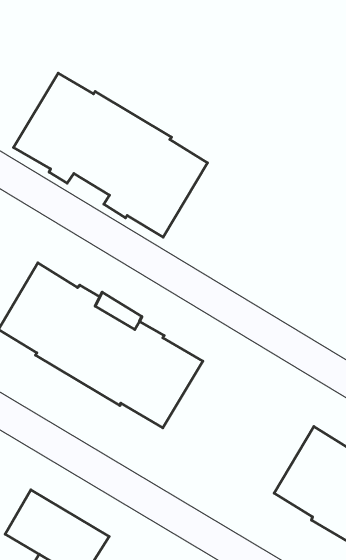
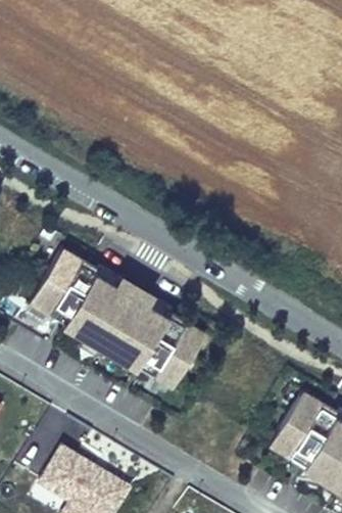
building: [14,73,208,237] -> none

